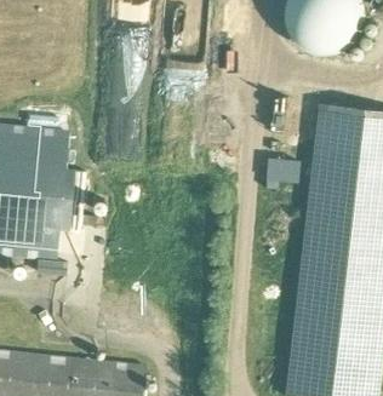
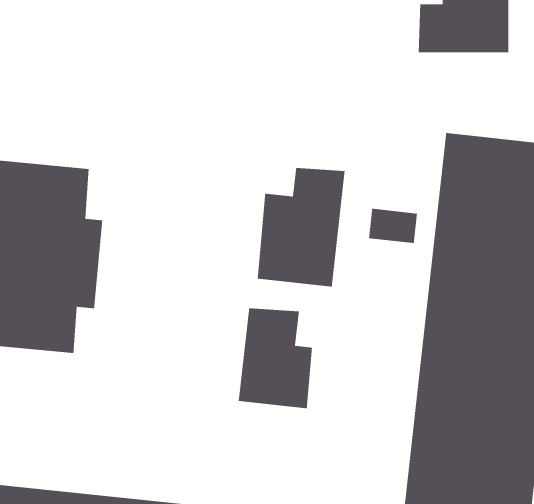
building: none -> [257,167,345,287]
building: none -> [238,307,313,409]

